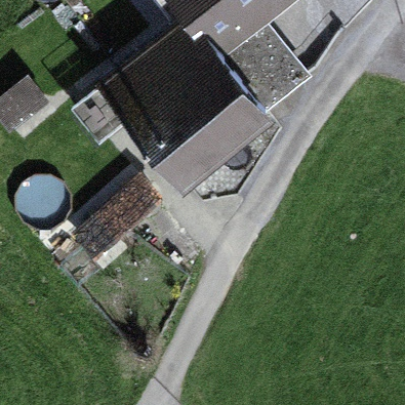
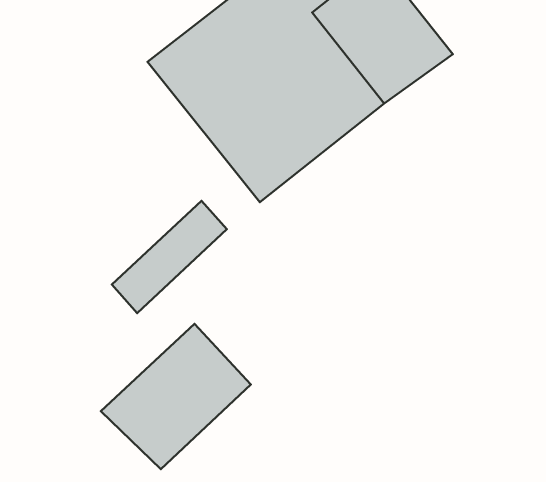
building: none -> [101,324,251,469]

